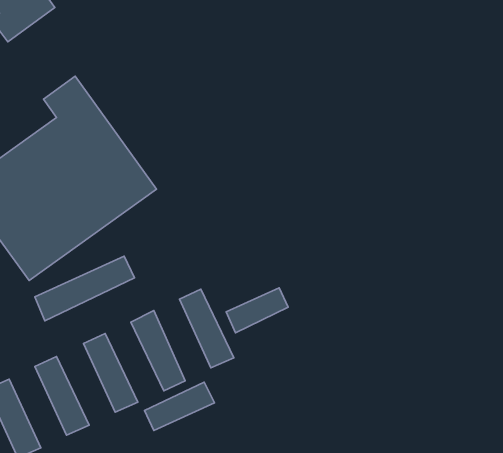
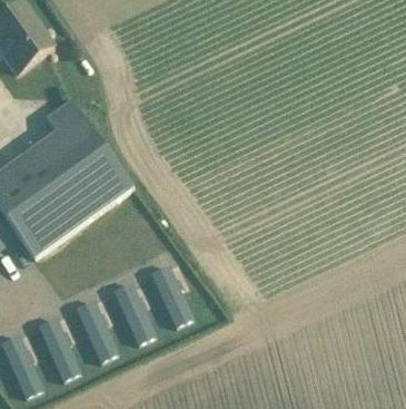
building: [35,256,134,321] -> none
building: [226,288,288,333] -> none
building: [144,382,214,430] -> none

